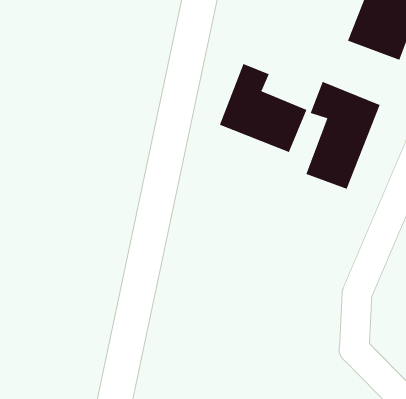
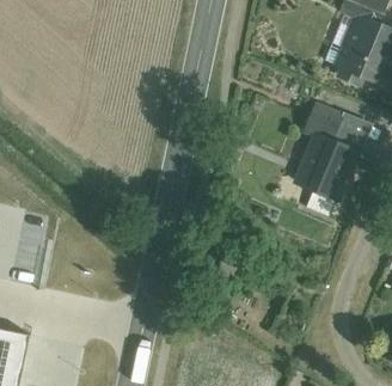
building: [219,63,307,153] -> none

